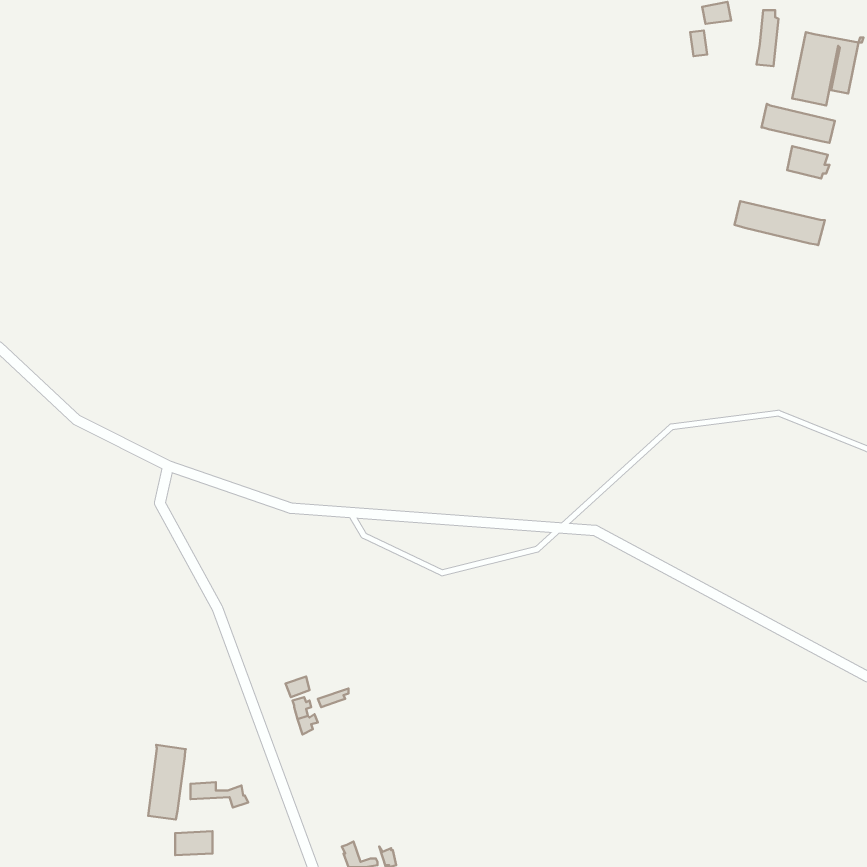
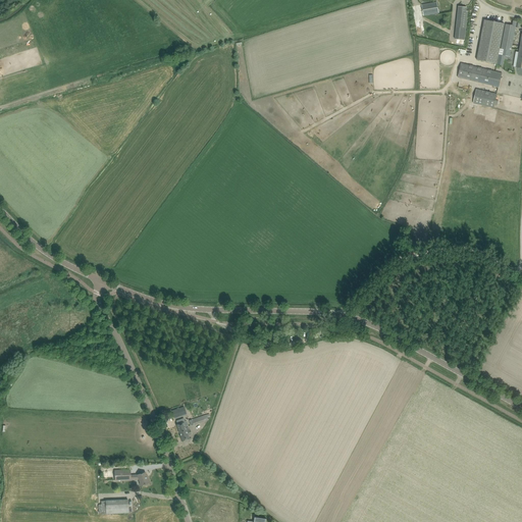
building: [735,201,825,245] -> none
building: [148,745,186,819] -> none

